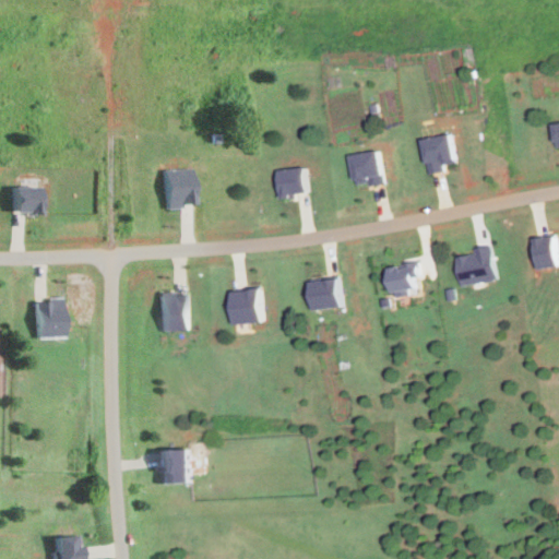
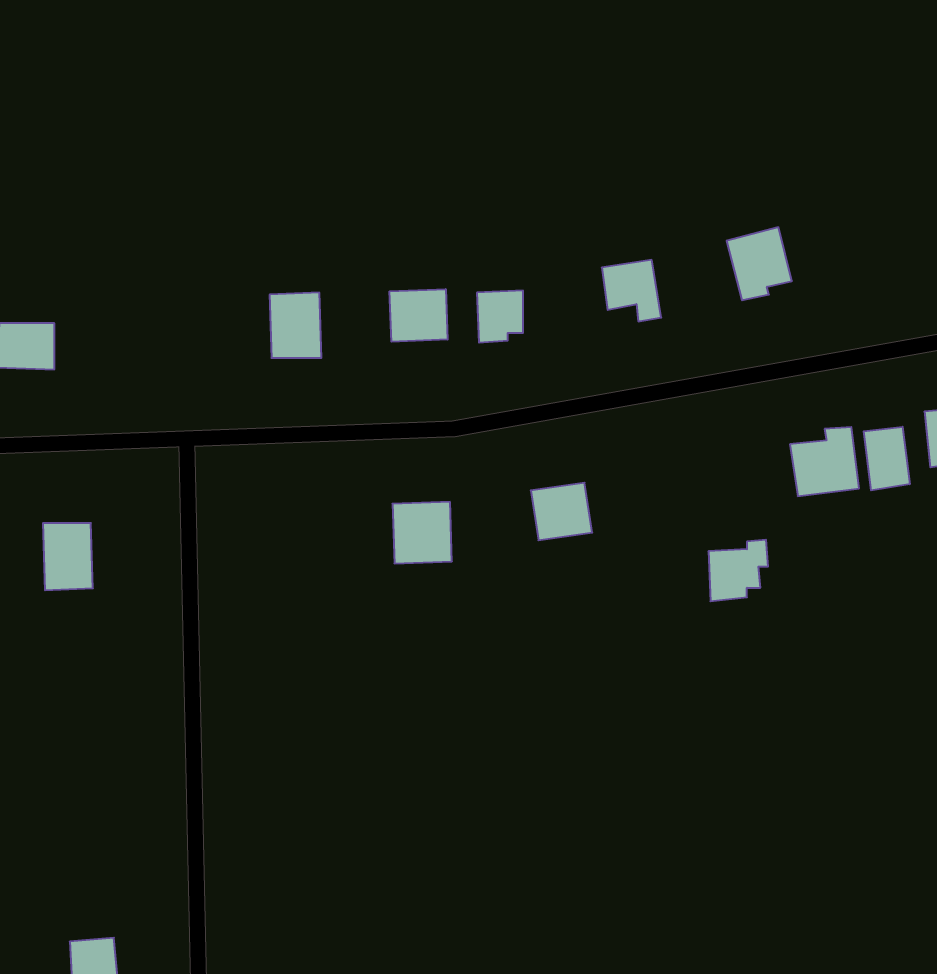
building: none -> [390,289,448,342]
building: none -> [864,427,910,490]
building: [388,261,421,296] -> [708,540,768,601]
building: [157,293,188,331] -> none
building: [155,448,190,483] -> none

